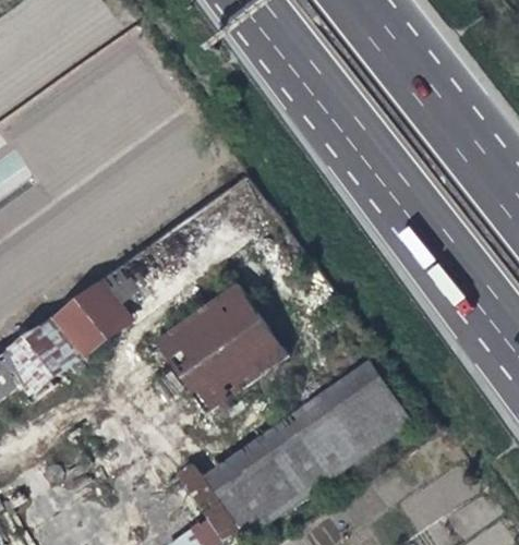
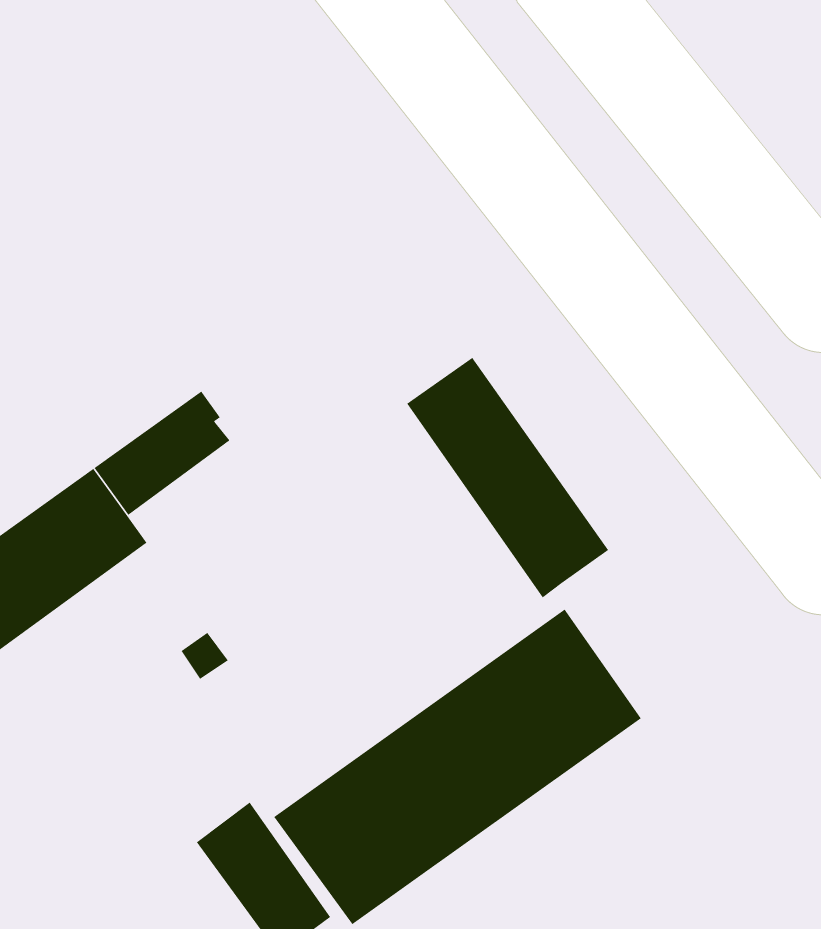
building: none -> [406,357,609,599]
building: [154,283,286,413] -> none

